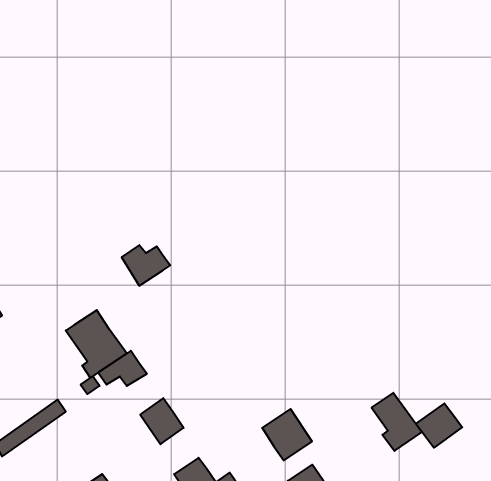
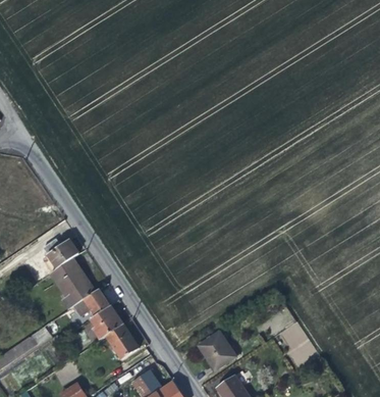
building: [122,245,170,286] -> [43,240,79,270]
building: none -> [91,307,123,341]
building: [416,403,462,448] -> none

